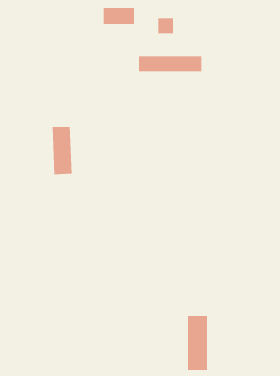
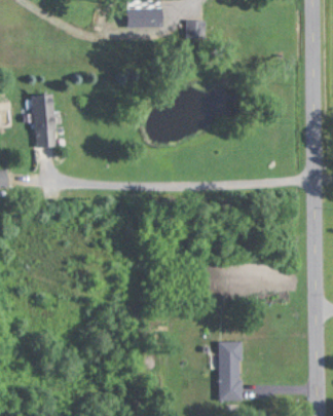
building: [138,56,202,72] -> none
building: [52,127,73,175] -> [33,96,55,148]

